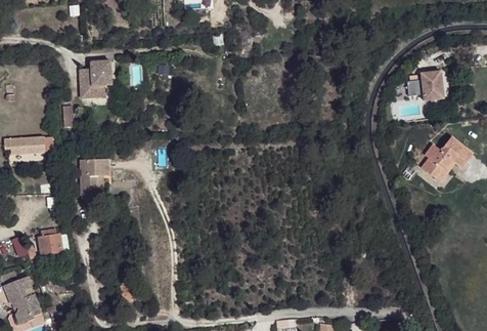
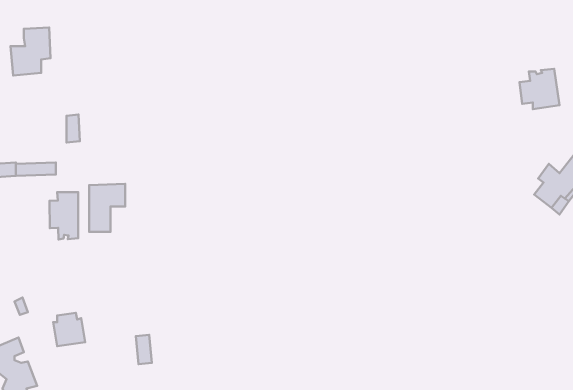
building: [80,59,110,96] -> [11,27,51,76]
building: none -> [49,192,78,240]
building: [38,227,62,253] -> [53,313,85,346]

